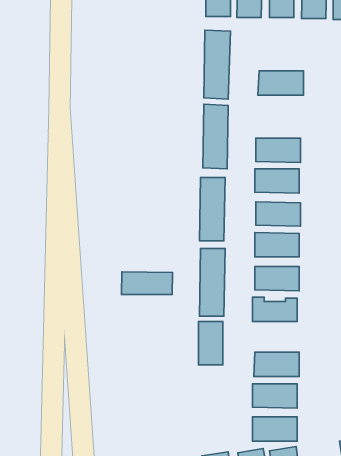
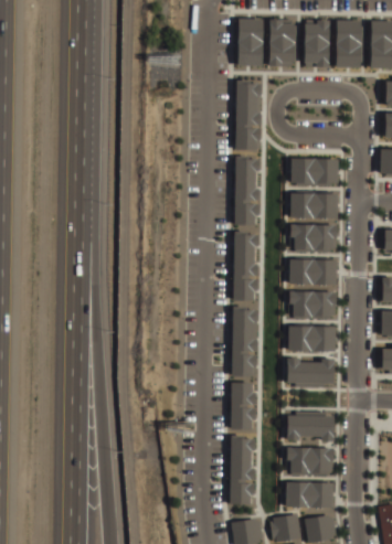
building: [258,71,304,95] -> [290,156,338,181]
building: [121,272,172,295] -> none
building: none -> [230,435,257,505]

